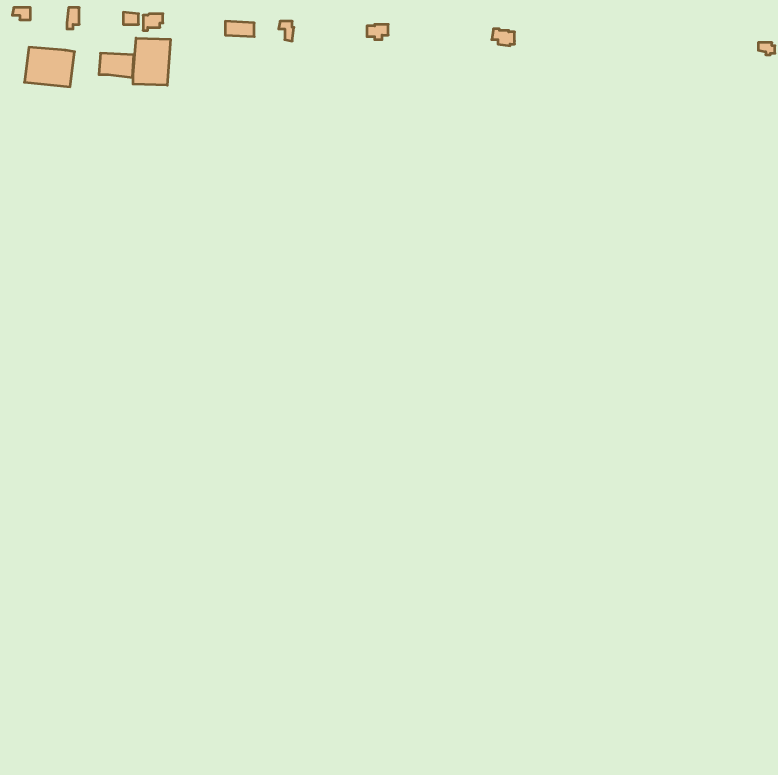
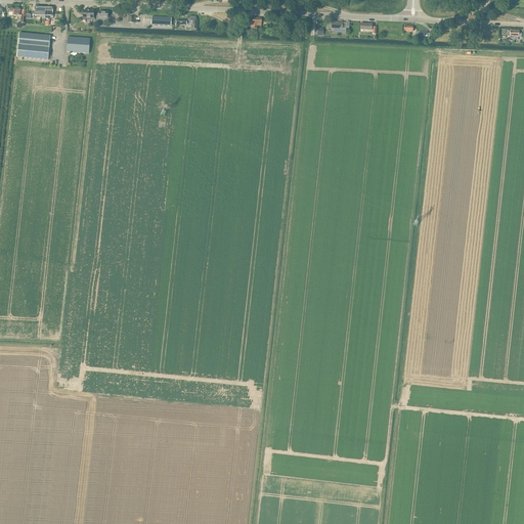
building: [133,38,170,85] -> none

